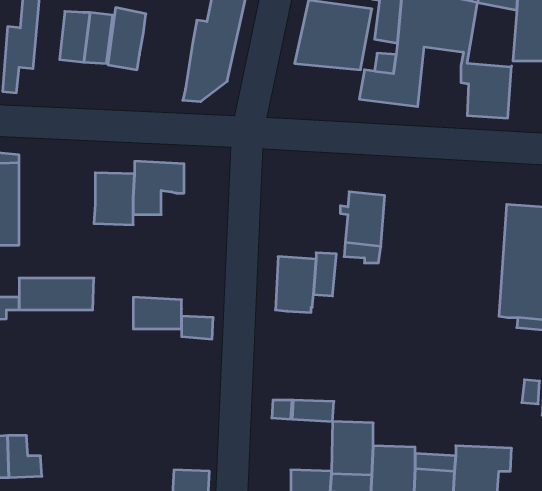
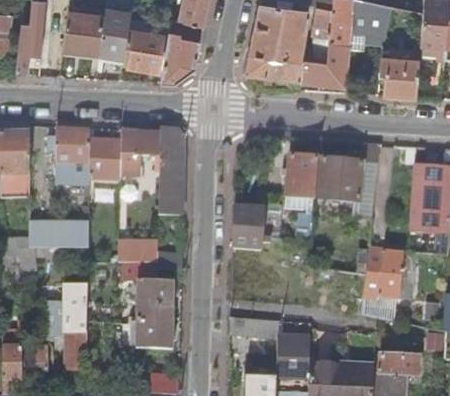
building: none -> [125,29,167,73]
building: none -> [243,53,302,81]
building: none -> [159,126,183,214]
building: none -> [49,127,90,183]
building: none -> [320,143,380,215]
building: none -> [362,250,415,320]
building: none -> [136,279,174,350]
building: none -> [41,301,87,370]

